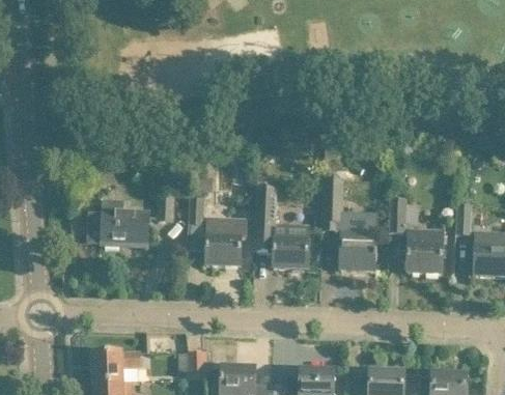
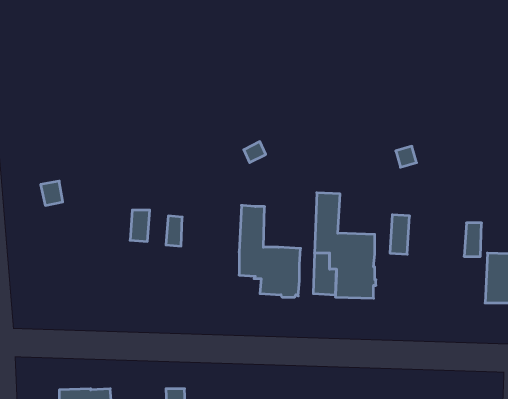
building: [89,200,150,246] -> none
building: [207,219,247,265] -> none
building: [409,227,444,273] -> none

